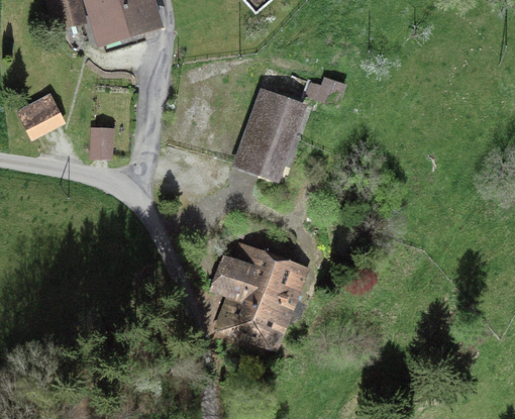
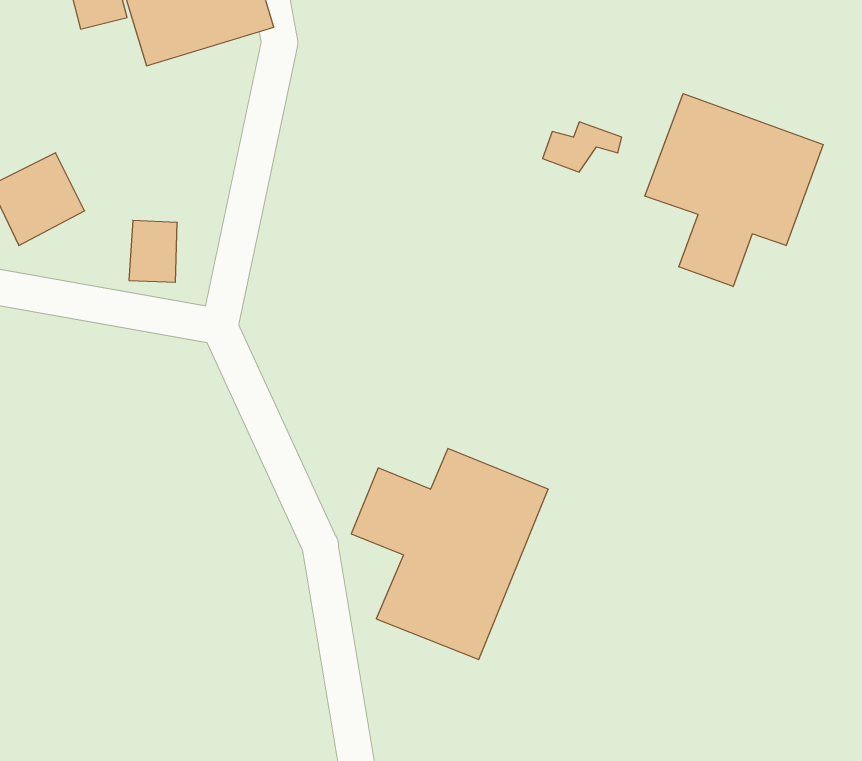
building: none -> [645,94,823,287]
building: [233,87,313,182] -> none

